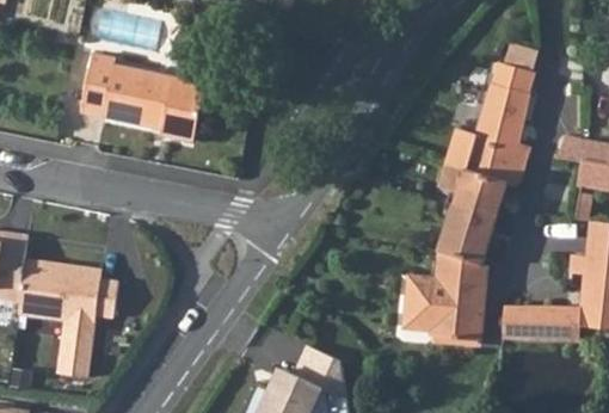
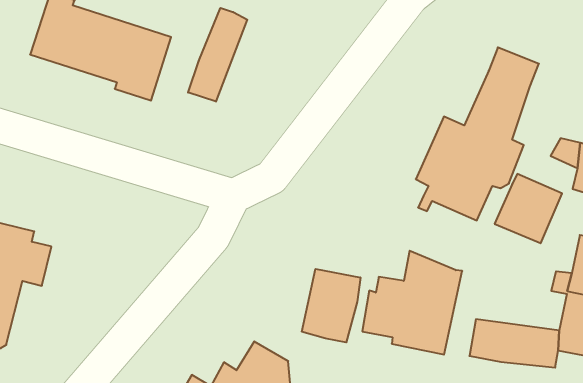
building: none -> [188,8,247,102]
building: [438,204,496,264] -> [495,174,562,243]
building: none -> [302,269,360,342]

